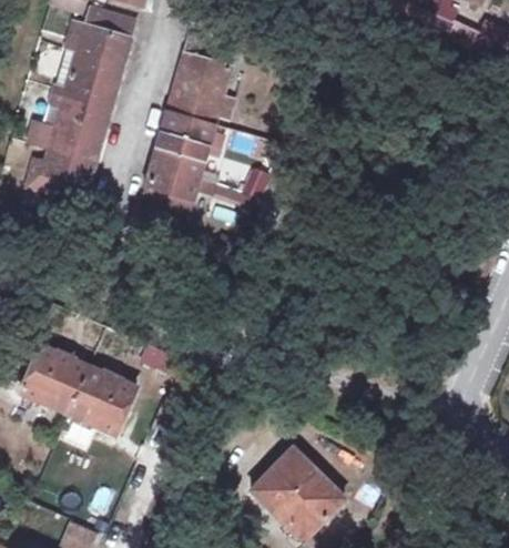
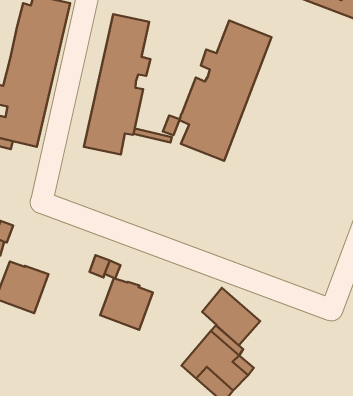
building: none -> [180,21,271,161]
building: [68,366,136,434] -> [100,278,153,330]
building: none -> [202,288,260,345]

